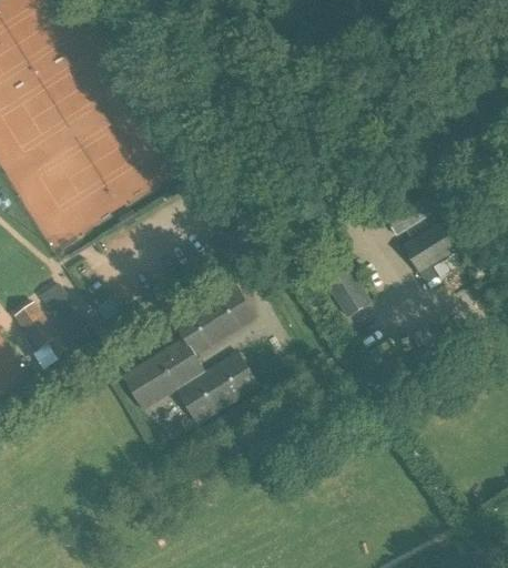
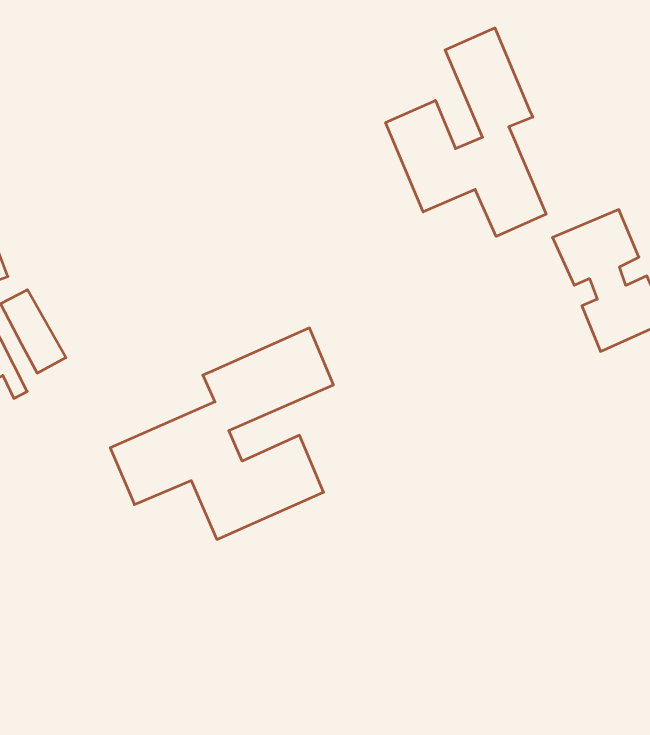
building: none -> [386,28,546,236]
building: [322,261,372,317] -> none

